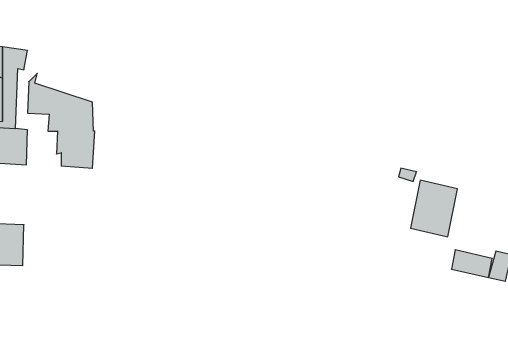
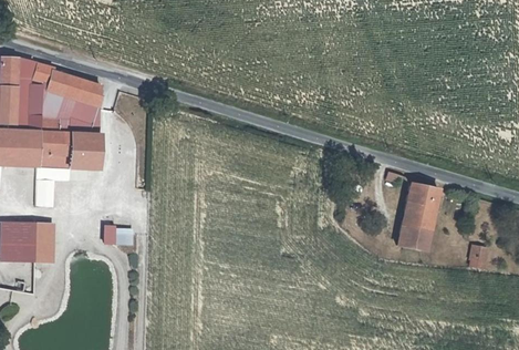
building: none -> [39,62,104,110]
building: none -> [41,120,73,168]
building: none -> [39,223,56,253]
building: [451,250,492,278] -> [392,226,429,251]

